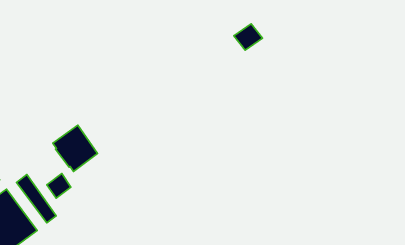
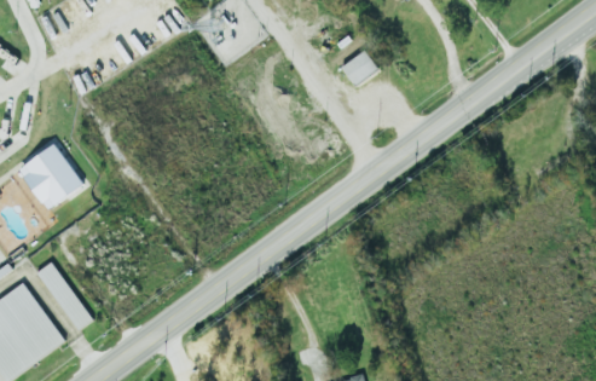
building: [53,125,98,172] -> [18,144,81,209]
building: [47,174,71,198] -> none

